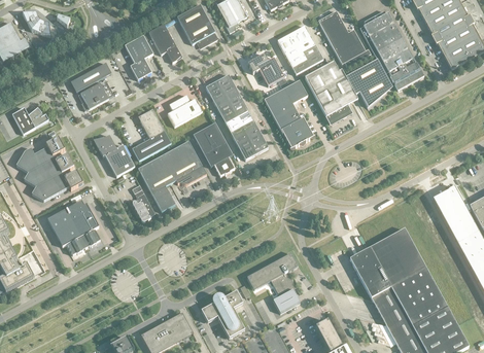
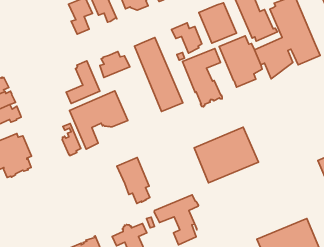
building: [70,61,113,109] -> none
building: [192,121,234,175] -> [117,157,150,203]
building: [94,134,134,175] -> none
building: [349,227,425,296] -> [194,127,258,183]

